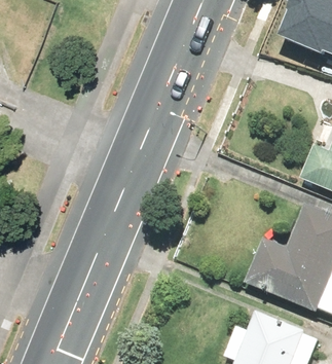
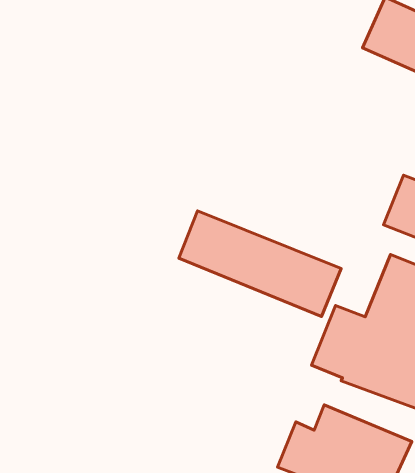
building: none -> [179,211,341,317]

